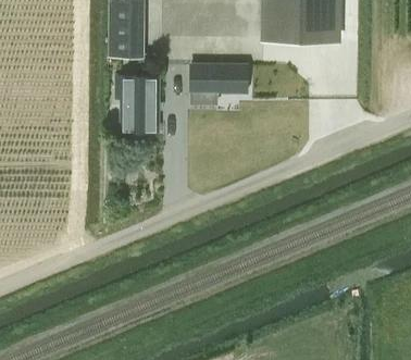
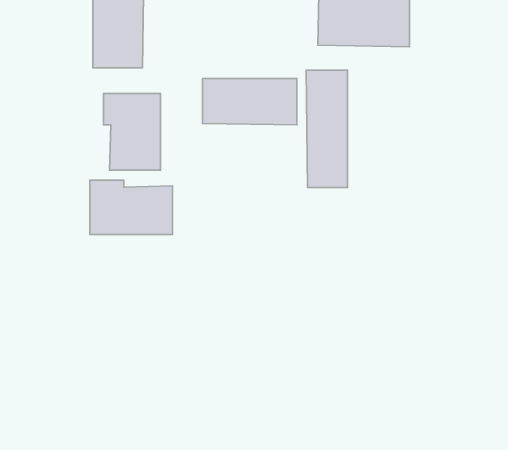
building: none -> [306,70,348,188]
building: none -> [90,180,172,234]

